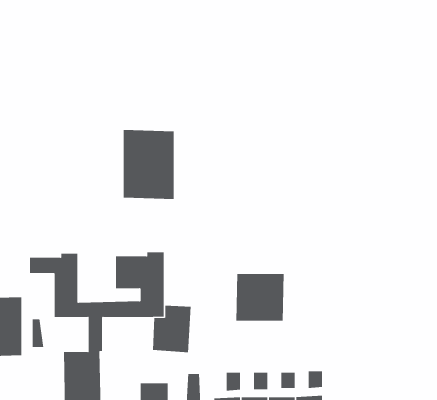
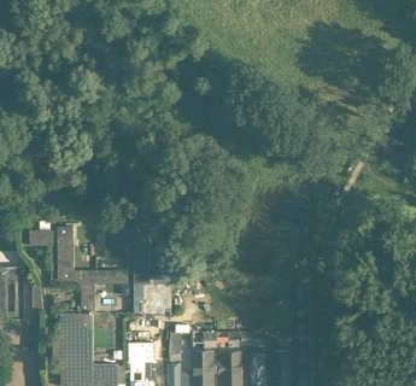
building: [123,129,174,200] -> none
building: [236,273,284,322] -> none

